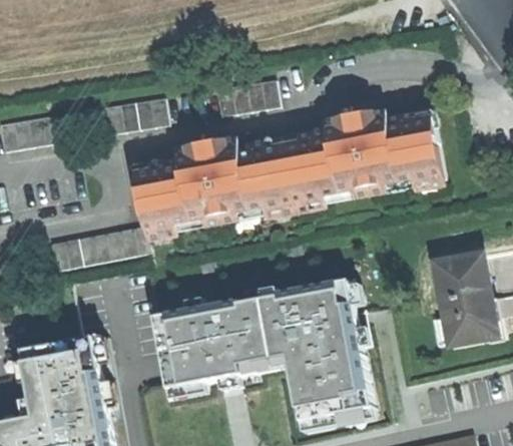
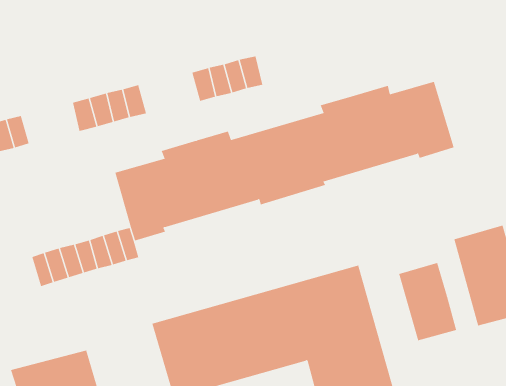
building: none -> [399,262,457,341]

